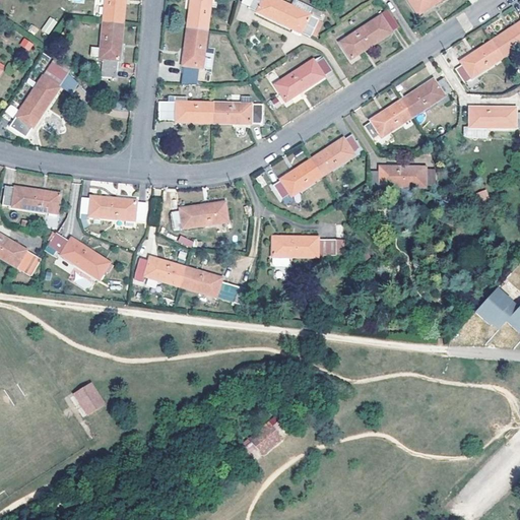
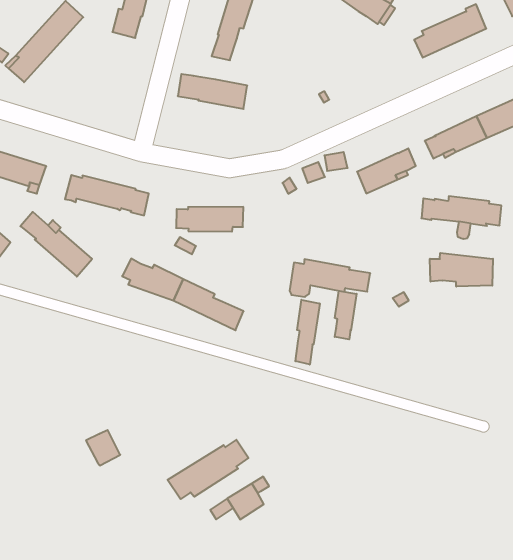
building: [276,56,331,101] -> none
building: [212,103,262,123] -> none
building: [272,158,322,197] -> none
building: none -> [430,253,493,287]
building: none -> [335,291,357,339]
building: none -> [295,300,320,365]
building: [73,383,103,412] -> [86,430,120,465]
building: none -> [168,440,248,499]

